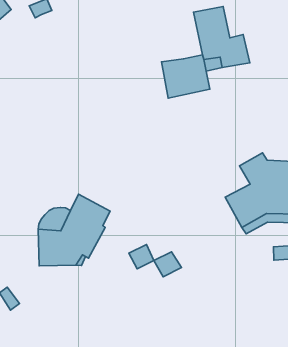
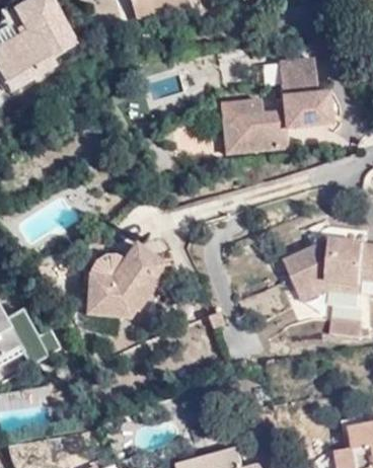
building: none -> [213,99,256,151]

